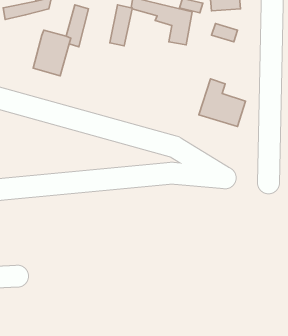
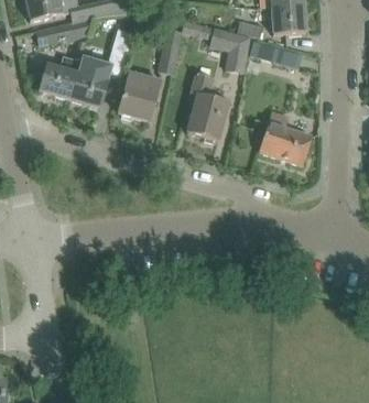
building: none -> [37,55,79,98]
building: none -> [118,72,160,120]
building: none -> [186,72,228,142]

